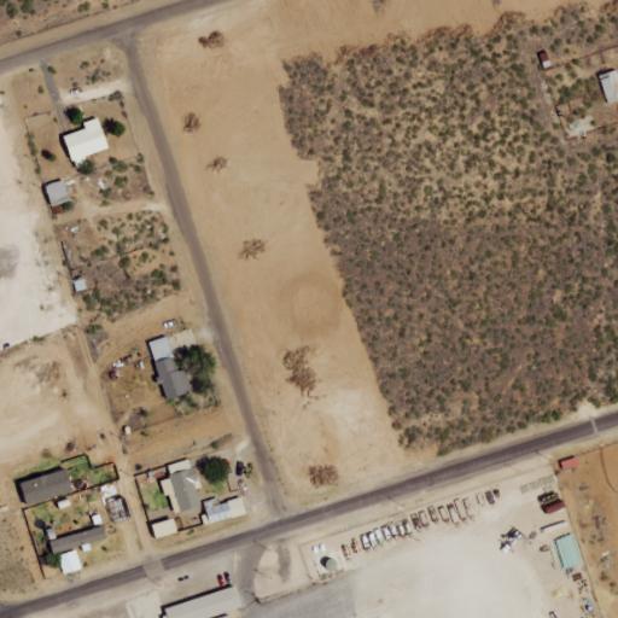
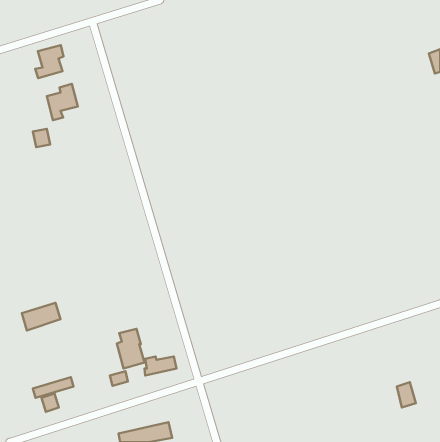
building: none -> [35,45,64,78]
building: [146,336,192,401] -> none
building: [21,468,75,507] -> [22,303,61,331]

